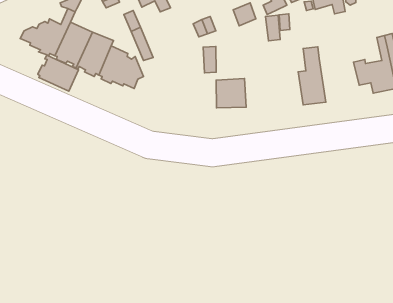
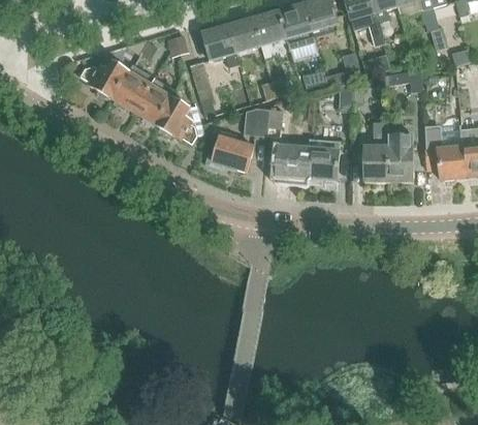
building: none -> [247,109,269,136]
building: [38,55,79,91] -> none
building: none -> [389,136,414,183]
building: none -> [307,138,340,180]
building: none -> [205,131,254,172]

